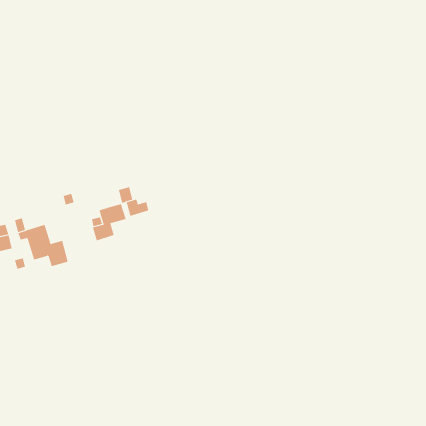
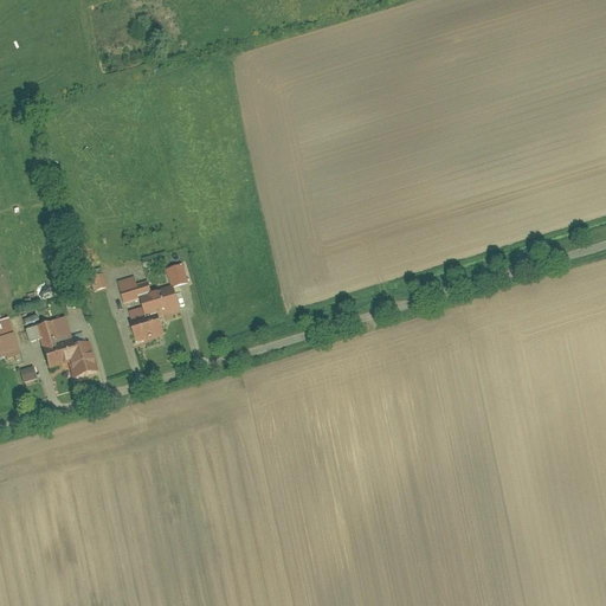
building: [126,199,149,216] -> [118,277,152,302]

